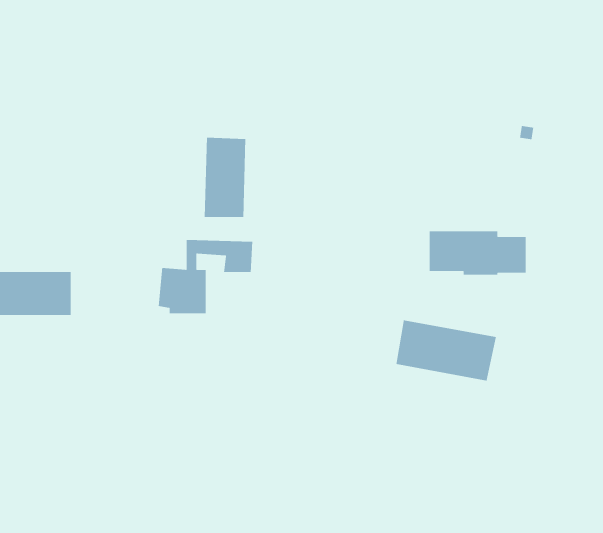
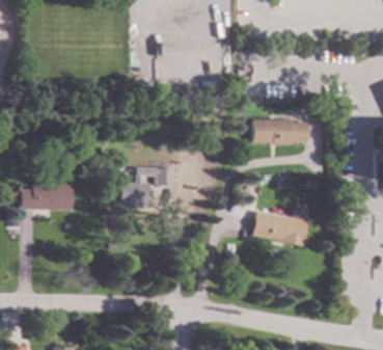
building: [204,137,246,218] -> none
building: [429,231,526,275] -> [255,118,309,143]

